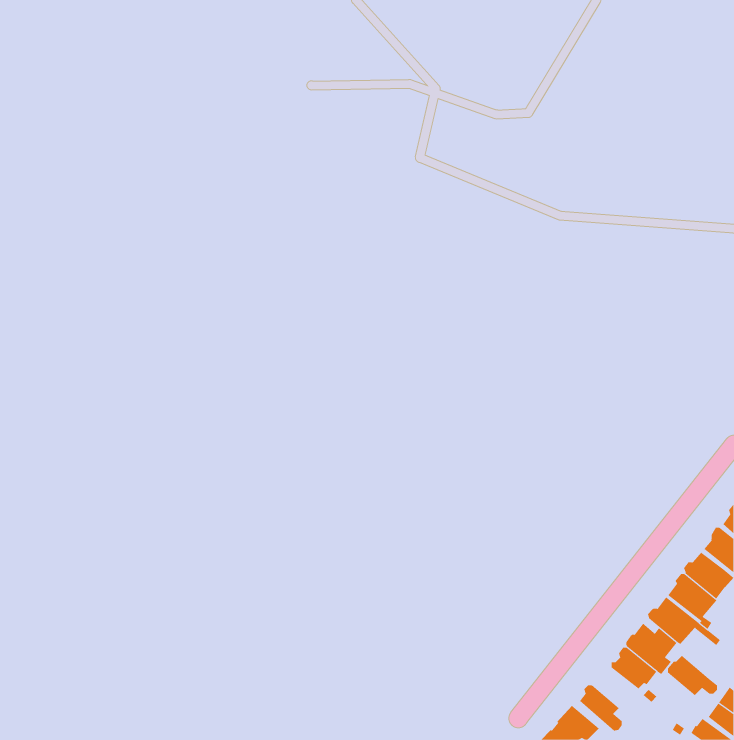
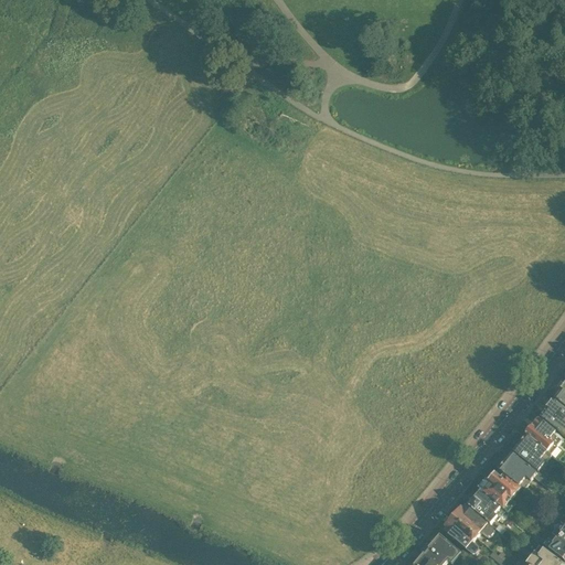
building: [667,655,718,696] -> [451,509,490,540]

